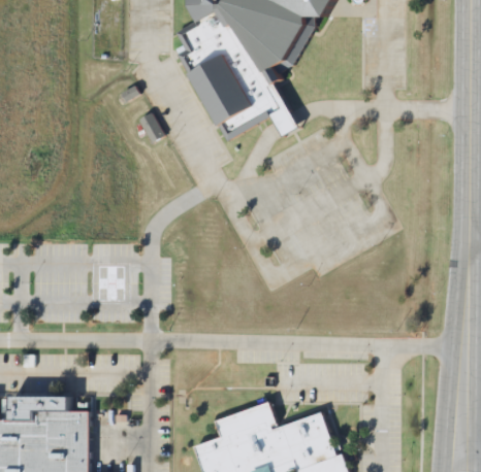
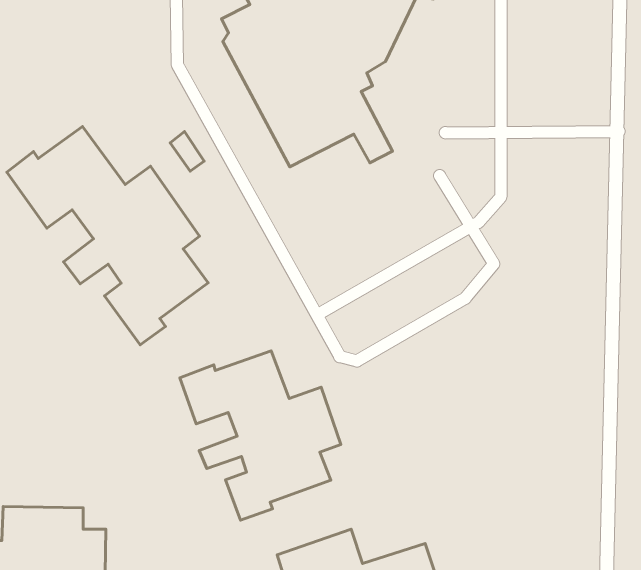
building: none -> [7,126,208,345]
building: none -> [180,351,341,520]

